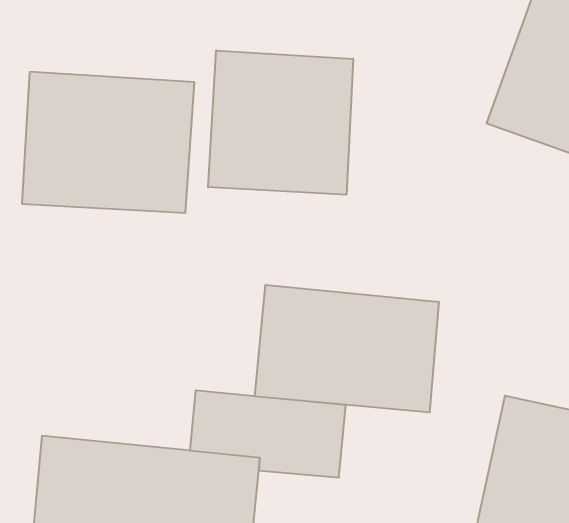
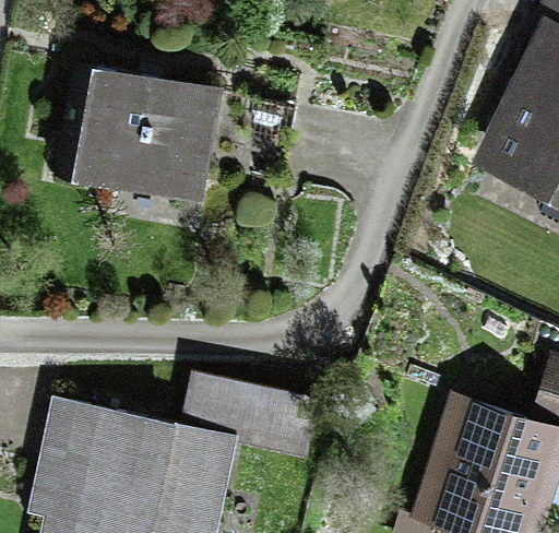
building: [208,50,353,195] -> none
building: [255,285,439,413] -> none

